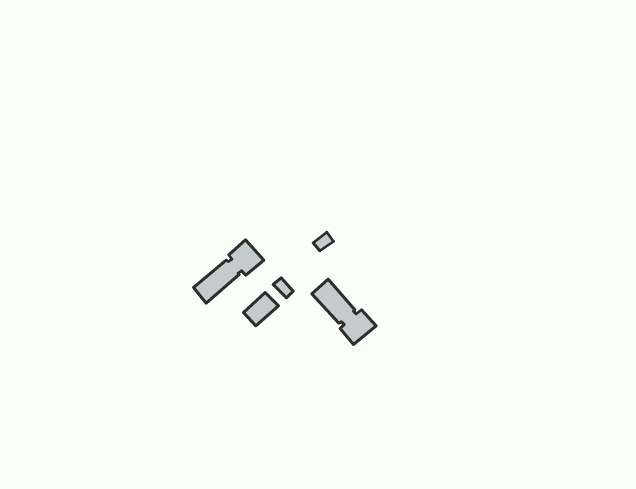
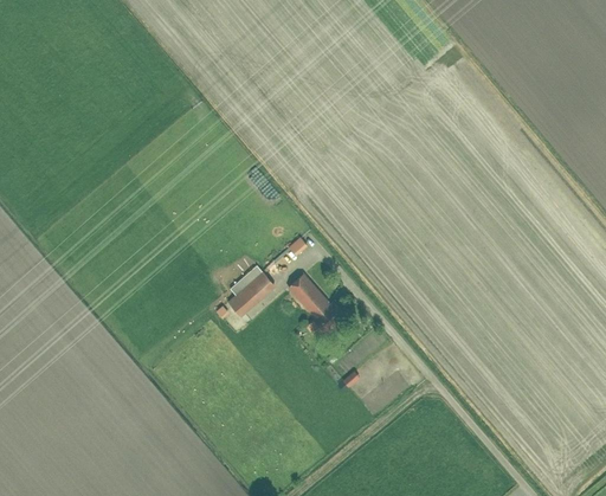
building: [193,240,264,303] -> none

